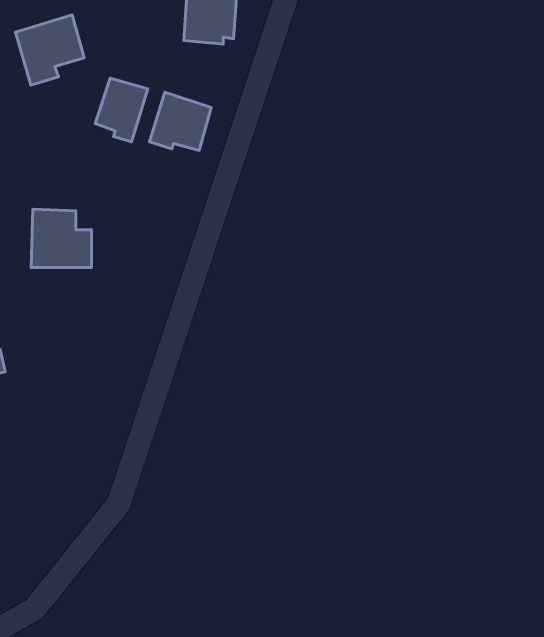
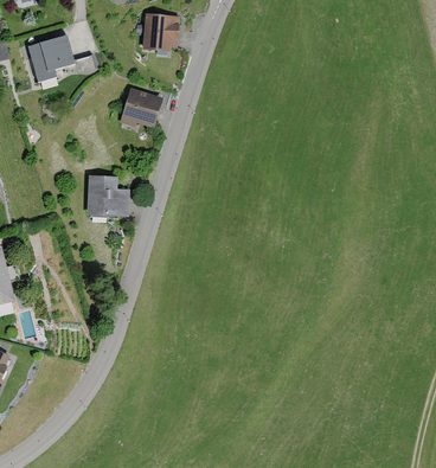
building: [95,78,148,142] -> none
building: [31,209,91,267] -> [85,177,127,217]

